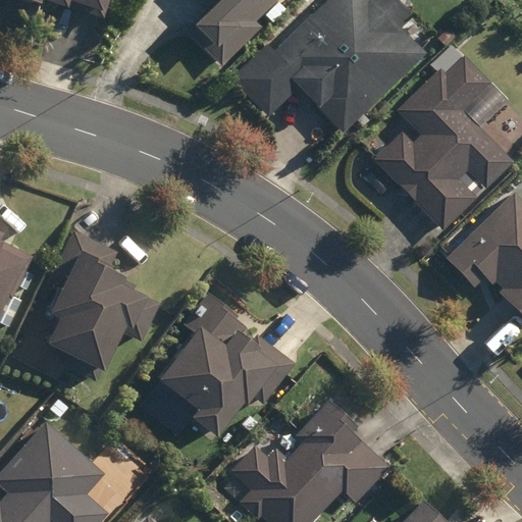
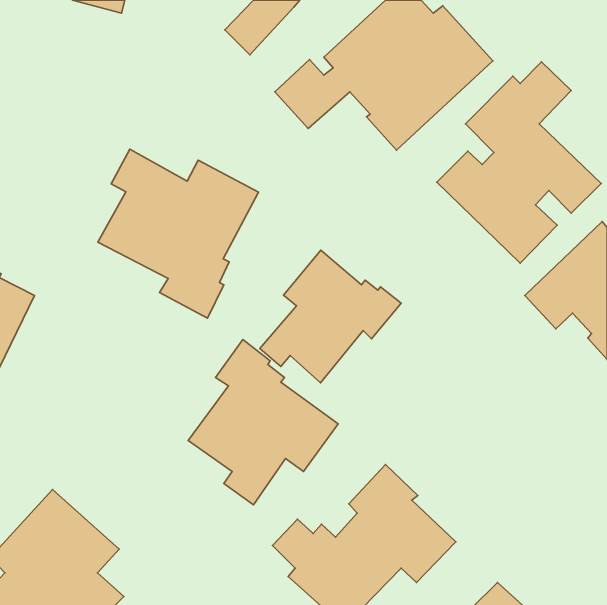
building: none -> [98,149,259,318]
building: none -> [260,250,401,383]
building: [50,232,160,382] -> none

